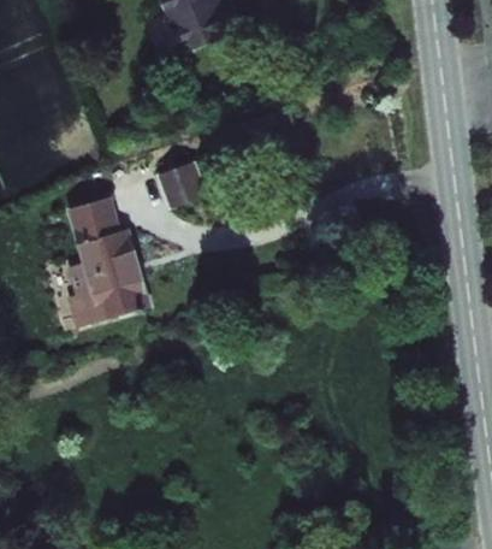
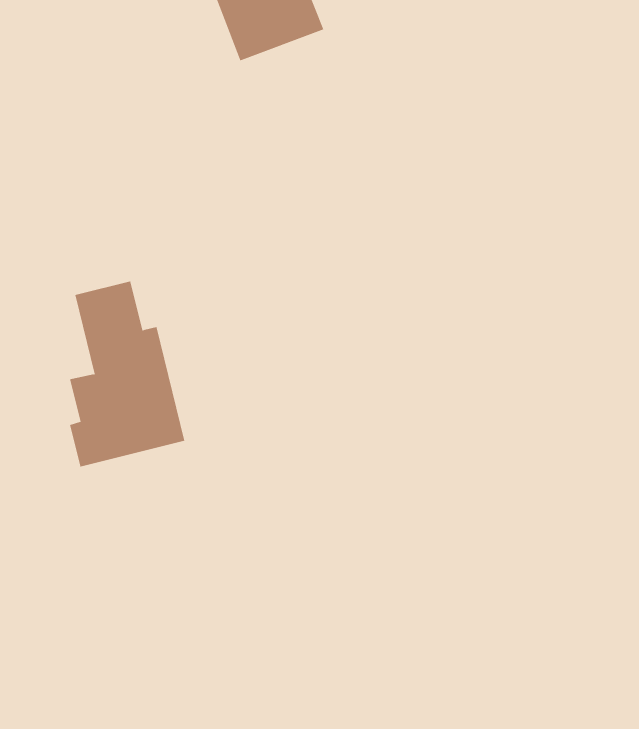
building: [158,161,207,207] -> none

